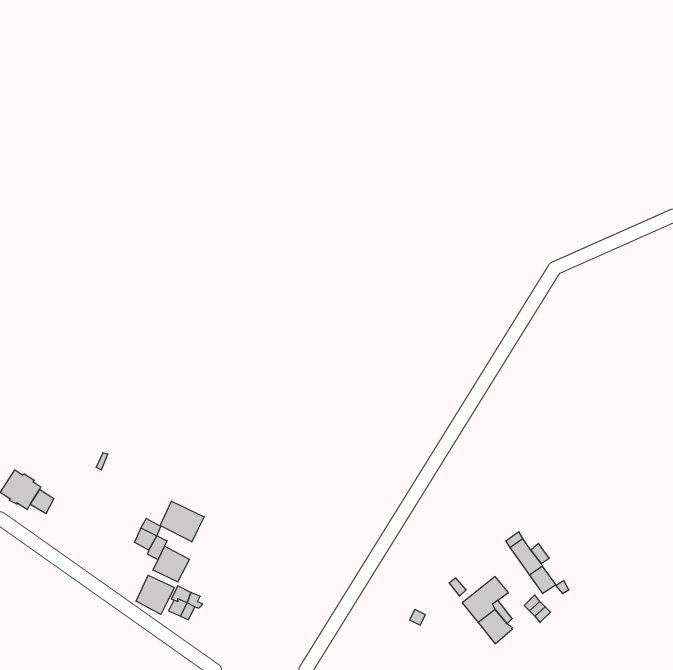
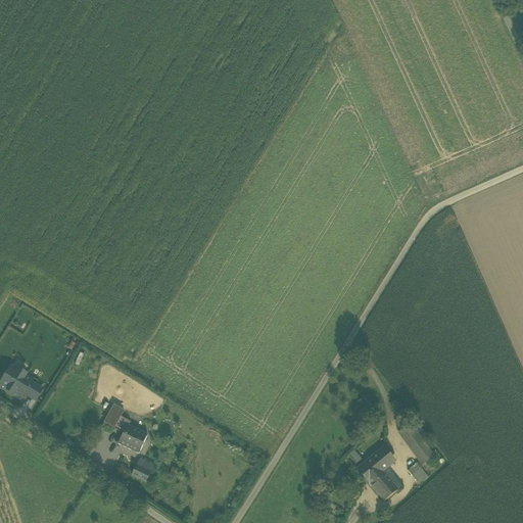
building: [160,501,204,542] -> none
building: [136,575,174,614] -> none

